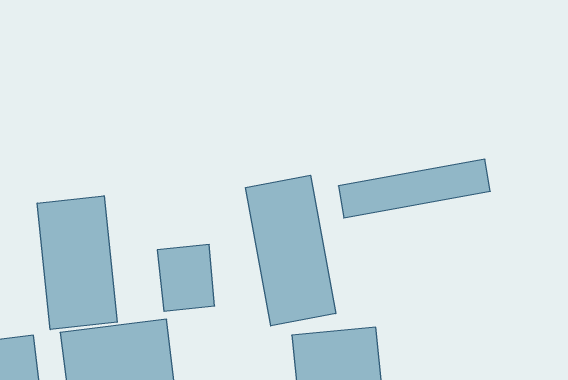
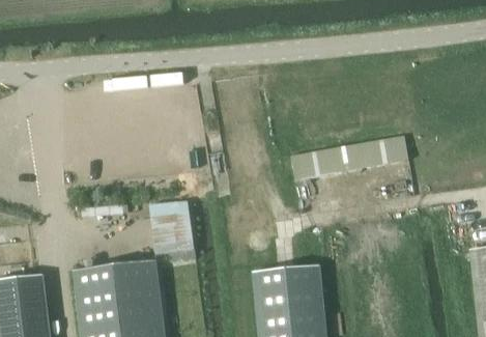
building: [246,175,336,326] -> none
building: [37,196,117,330] -> none

